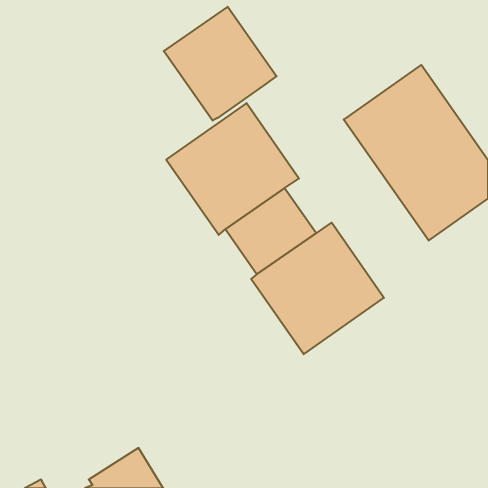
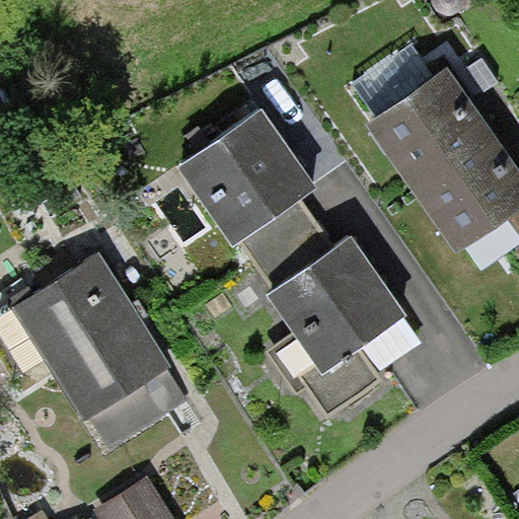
building: [164,7,277,121] -> none
building: none -> [11,249,189,448]

